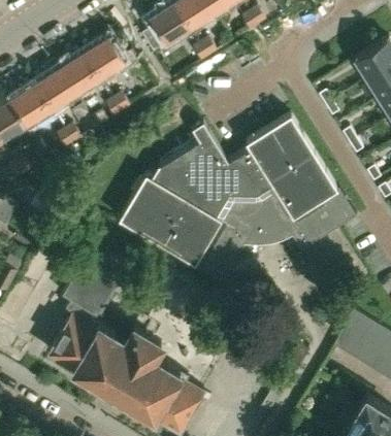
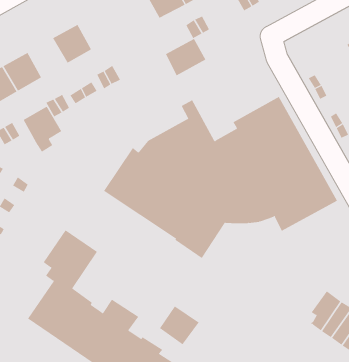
building: [84,38,125,79] -> none
building: none -> [165,38,206,76]
building: [35,70,75,118] -> [23,106,62,153]
building: none -> [159,305,199,345]

